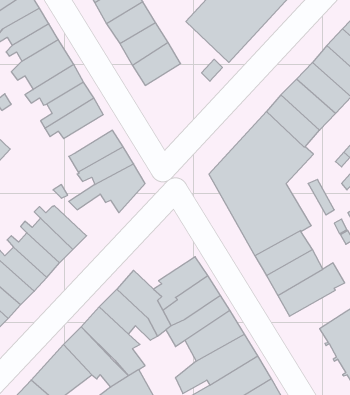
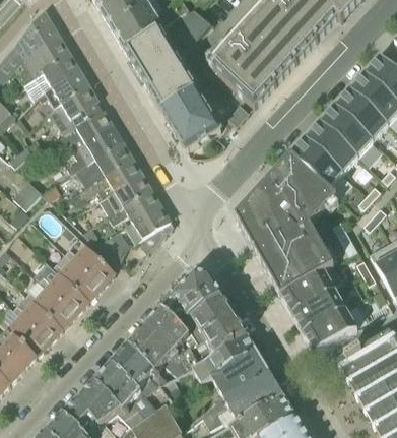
building: none -> [173,107,220,149]
building: none -> [74,157,141,200]
building: none -> [161,273,221,326]

